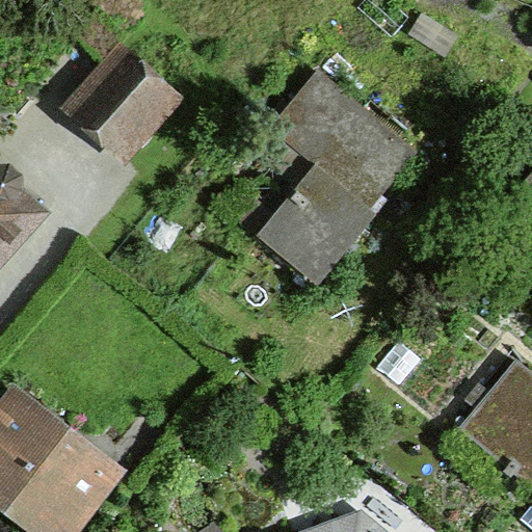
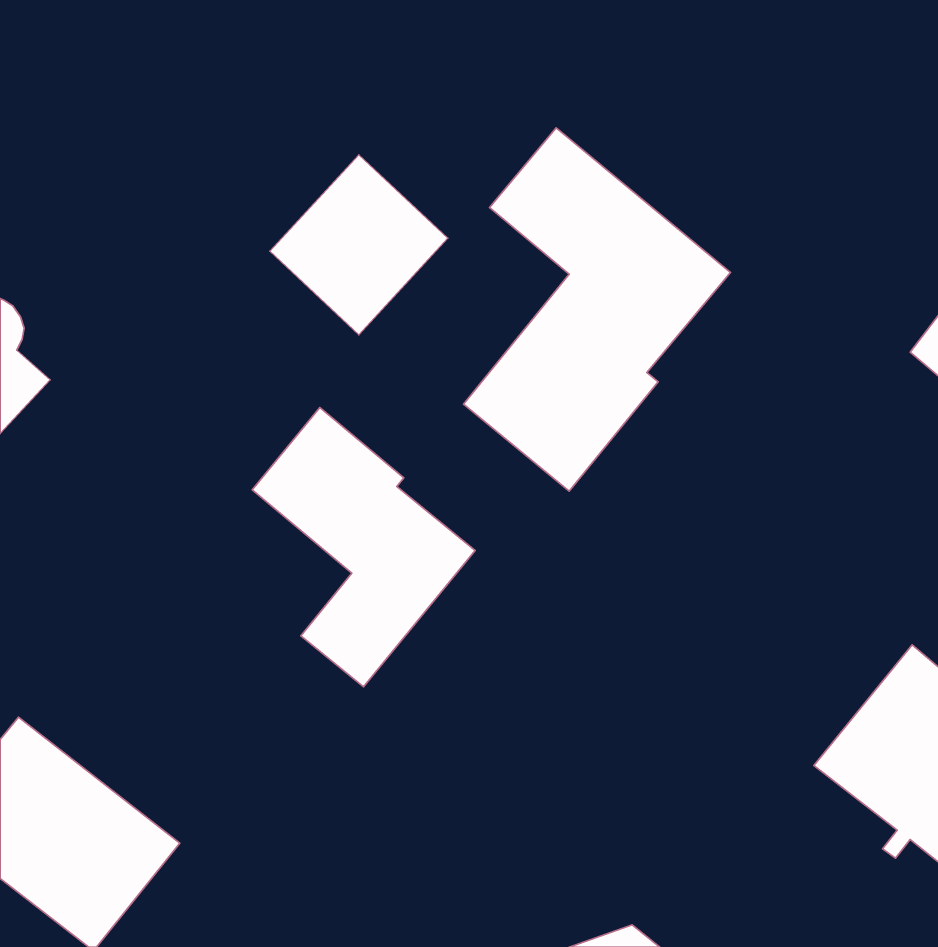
building: [73,53,172,154] -> [270,155,448,335]
building: none -> [252,408,475,687]

